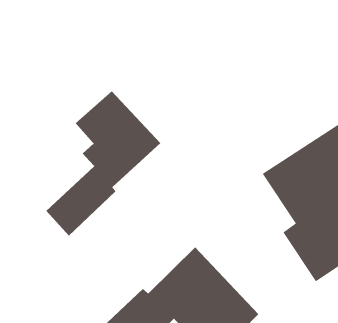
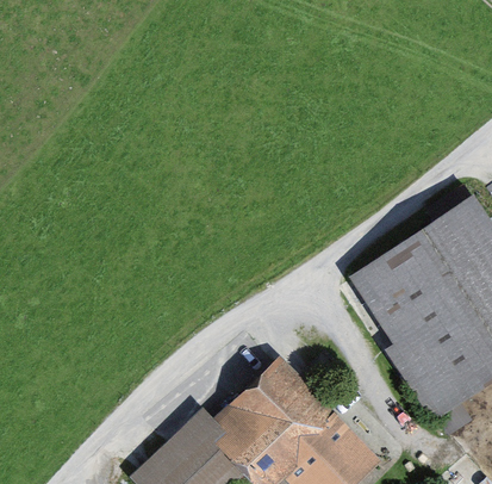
building: [45,91,161,236] -> none

